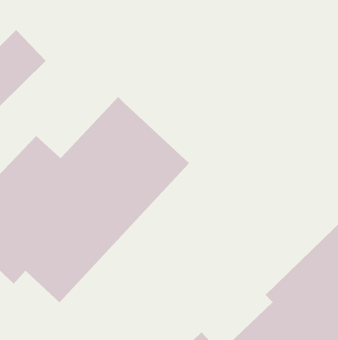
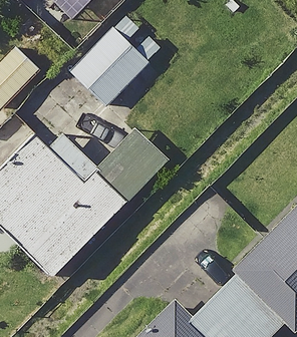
building: none -> [72,26,154,107]

